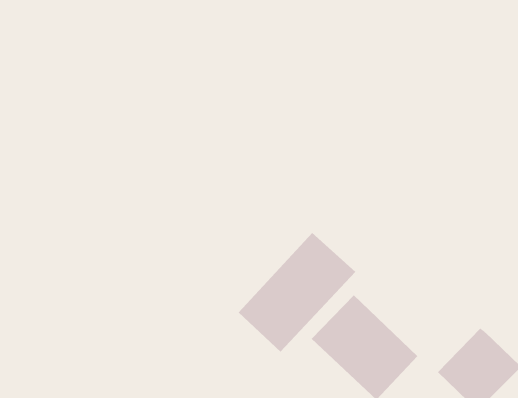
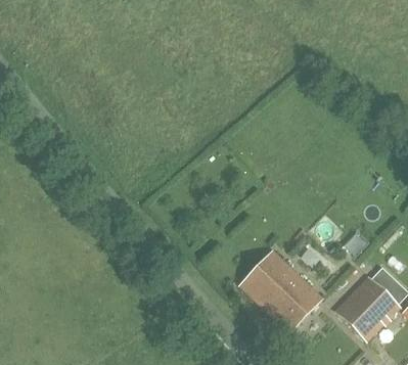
building: [238,232,356,353] -> none

